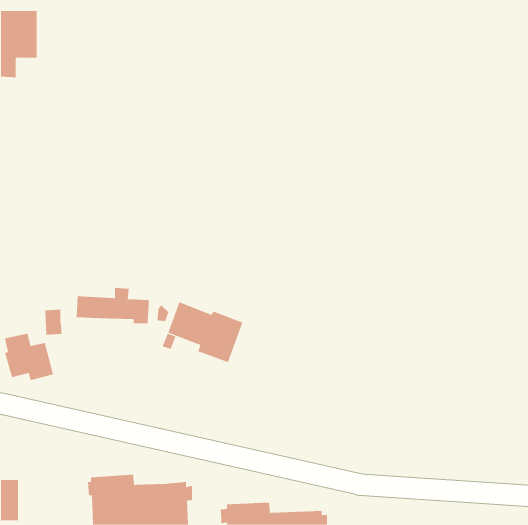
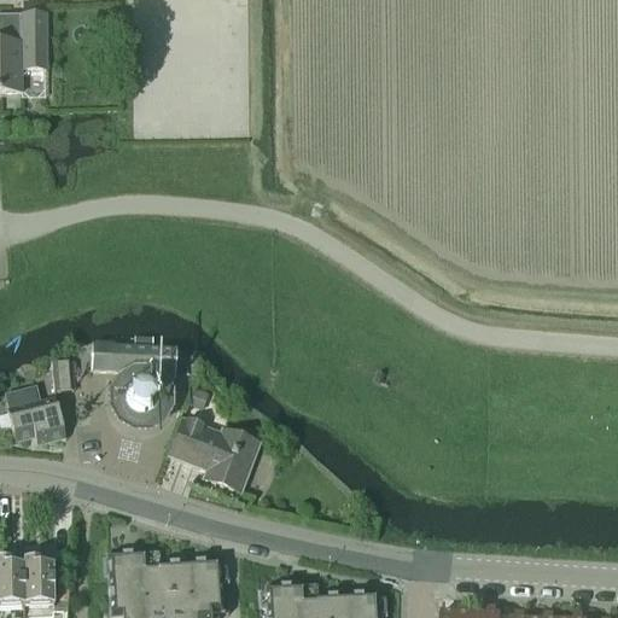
building: [167,302,243,363] -> [170,419,258,490]
building: none -> [123,379,161,418]
building: none -> [24,553,54,606]

